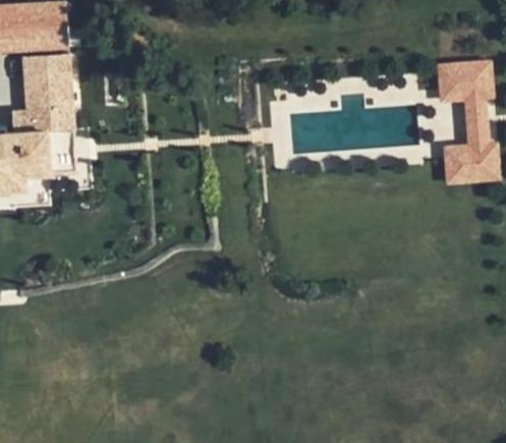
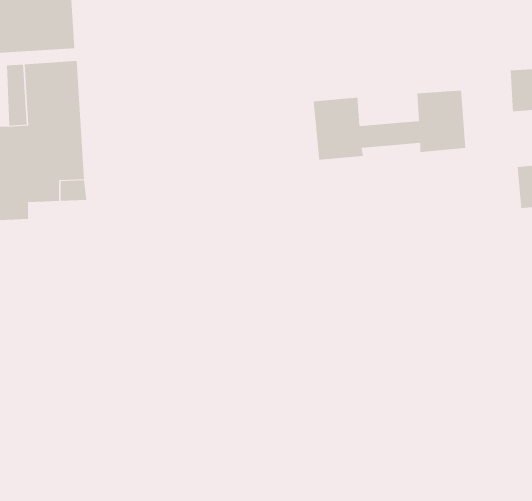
building: none -> [313,90,466,161]

